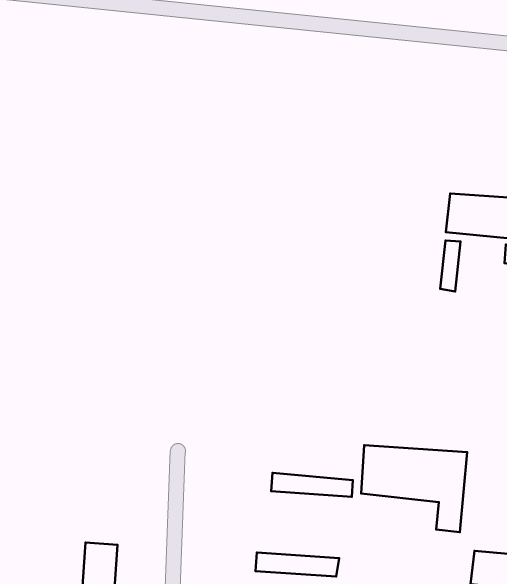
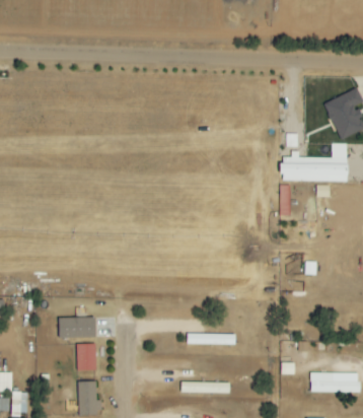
building: none -> [59,317,95,337]
building: [361,445,467,532] -> none
building: none -> [76,345,94,370]

